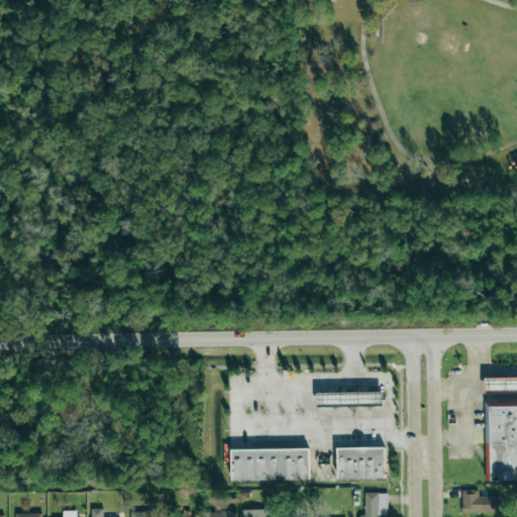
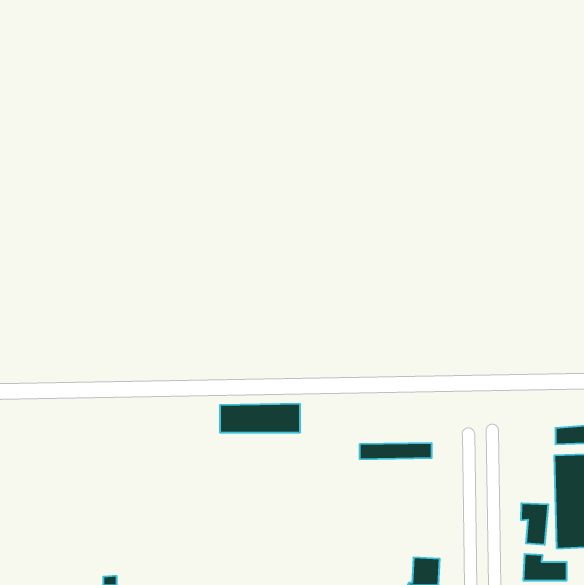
building: none -> [521,503,548,545]
building: [336,450,383,475] -> none
building: [234,451,305,477] -> [220,404,300,433]

